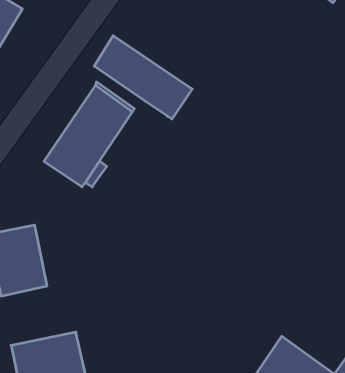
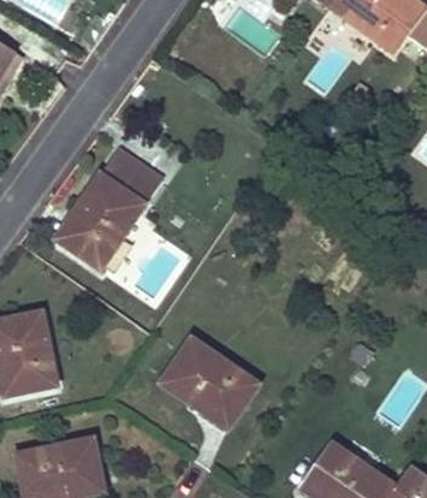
building: [94,36,192,119] -> none
building: none -> [159,339,254,427]

